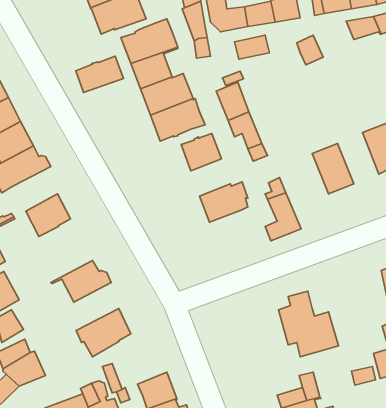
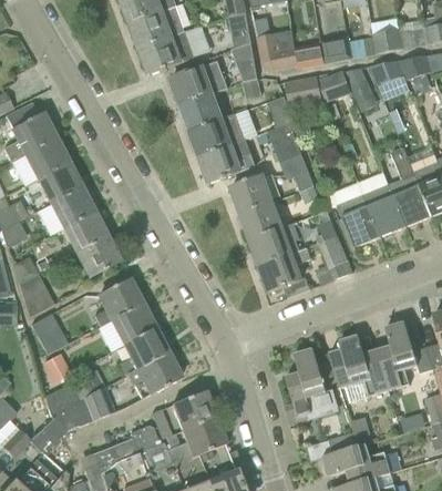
building: none -> [372,61,409,100]
building: none -> [317,71,351,103]
building: [76,56,124,93] -> none
building: none -> [389,150,431,226]
building: none -> [337,195,380,250]
building: none -> [240,201,280,238]
building: none -> [60,208,105,254]
building: none -> [259,248,310,297]
building: none -> [93,276,141,326]
building: none -> [380,321,433,390]
building: none -> [117,326,167,375]
building: none -> [285,348,337,424]
building: none -> [82,386,114,420]
building: none -> [176,390,216,429]

